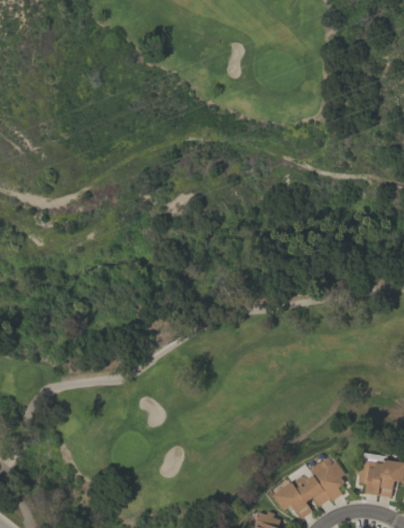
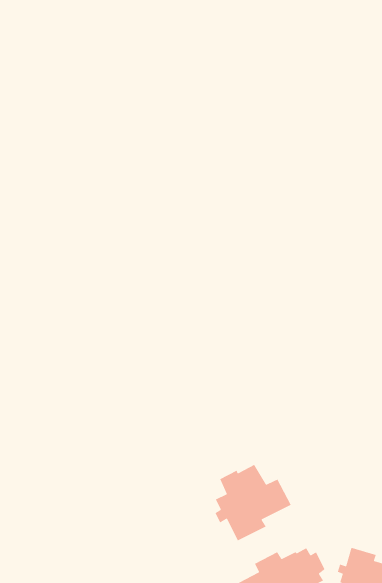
building: none -> [215,464,292,542]

